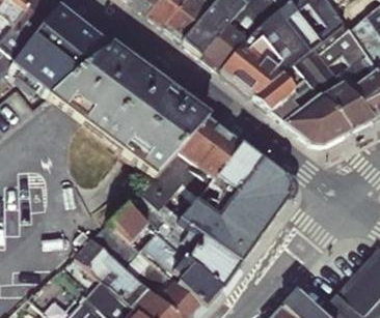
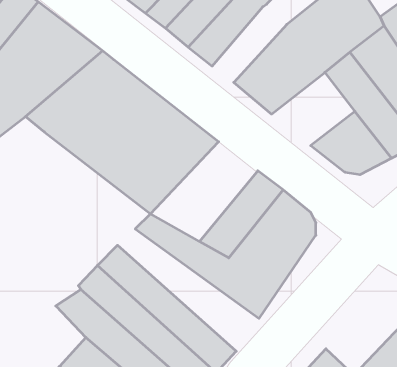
building: [201,7,263,69] -> none
building: [250,61,319,121] -> none
building: [151,118,239,200] -> none
building: [124,190,240,290] -> none

